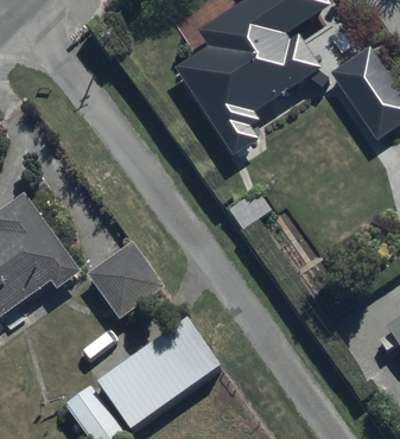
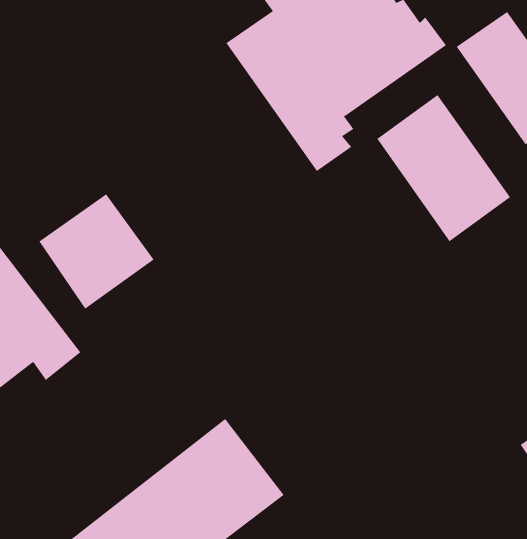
building: none -> [376,94,511,242]
building: [90,238,167,316] -> [39,193,155,310]

